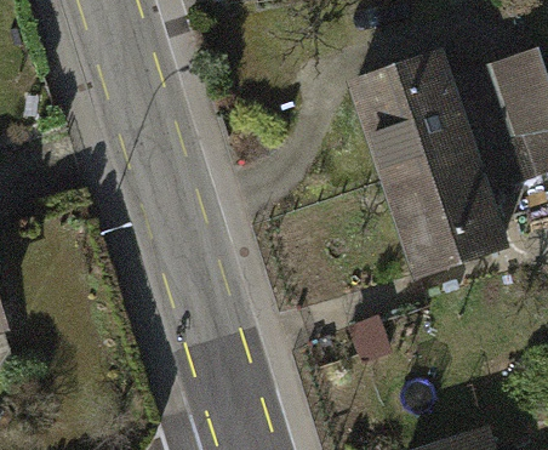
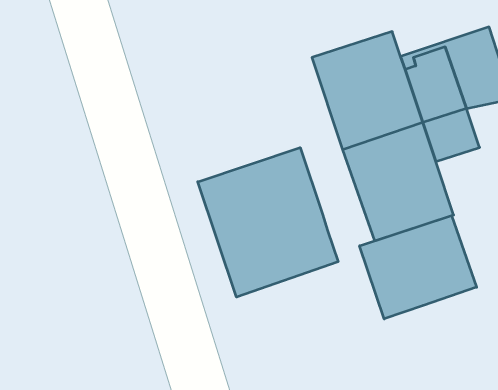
building: none -> [198,148,338,297]
building: none -> [360,216,477,319]

